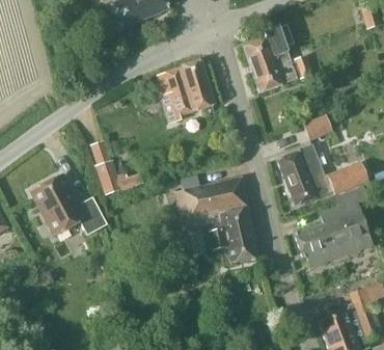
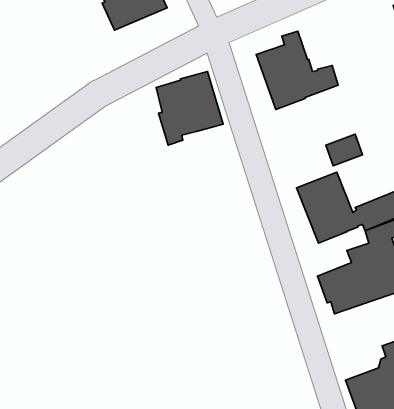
building: [95,161,142,194] -> none
building: [31,176,107,236] -> none
building: [179,176,258,264] -> none

